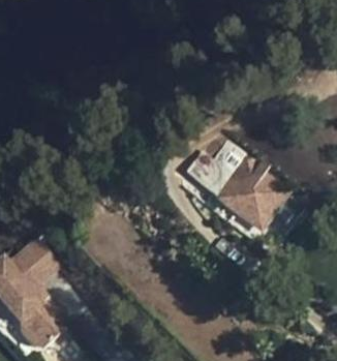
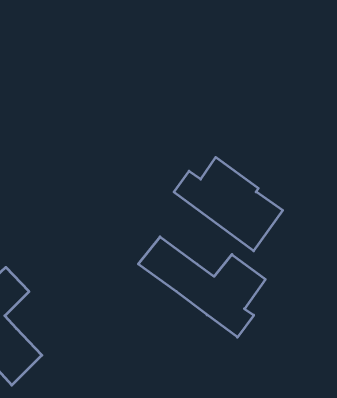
building: none -> [138,237,265,337]

